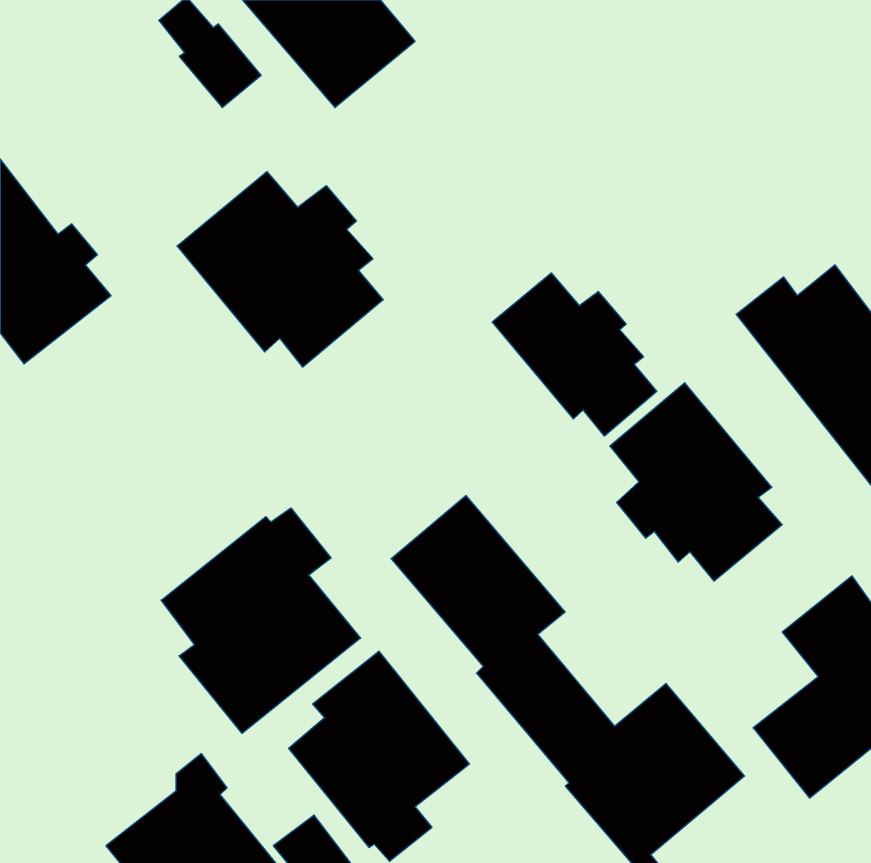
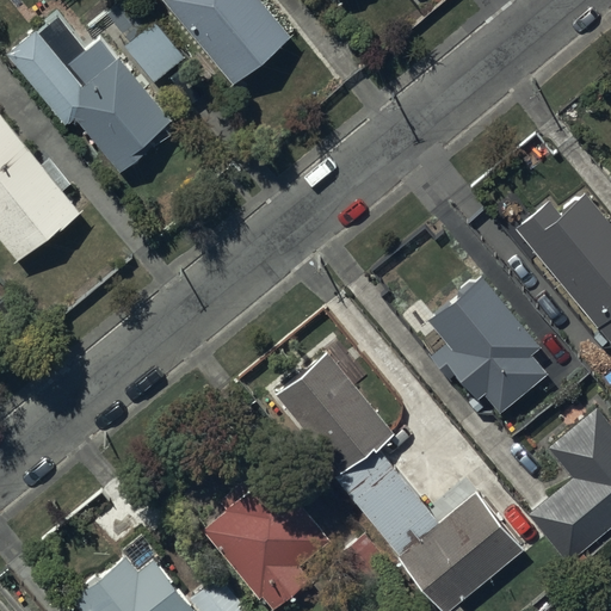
building: none -> [10,18,173,172]
building: [177,172,383,367] -> none
building: [492,273,657,436] -> none
building: [161,508,361,733] -> none

